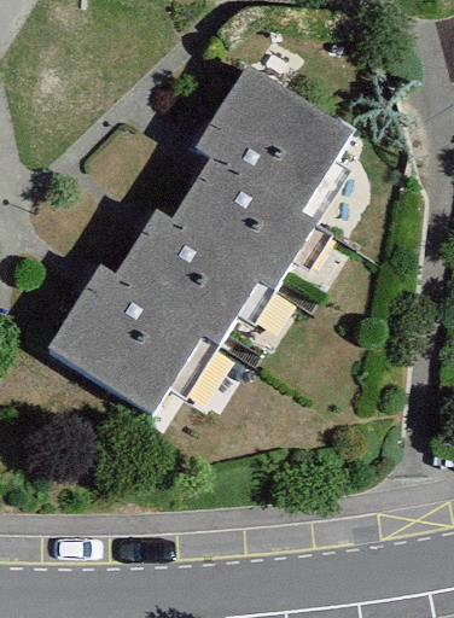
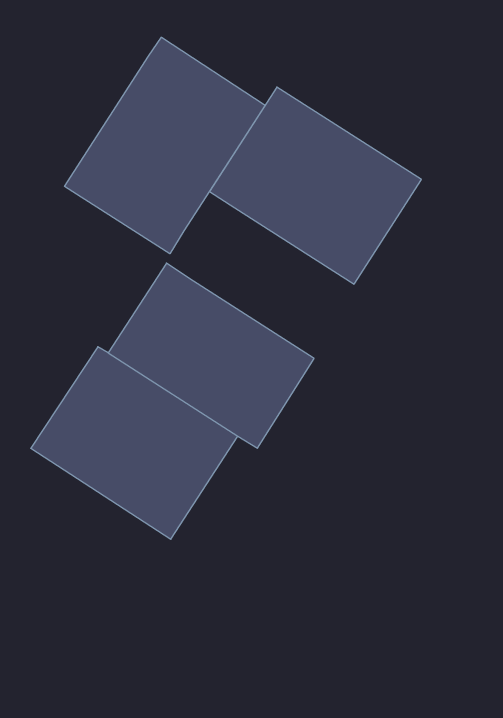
building: none -> [65,37,265,254]
building: [167,170,320,302] -> none

